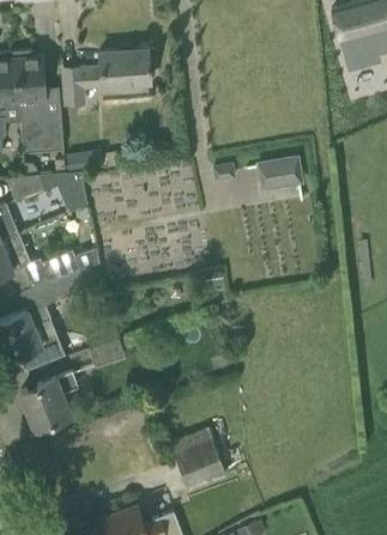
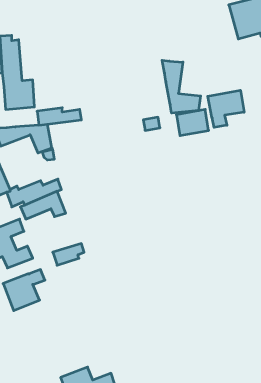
building: [62,50,150,105] -> none
building: none -> [162,60,201,113]
building: none -> [208,90,244,127]
building: [169,428,226,492] -> none

